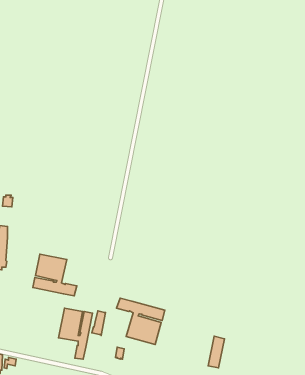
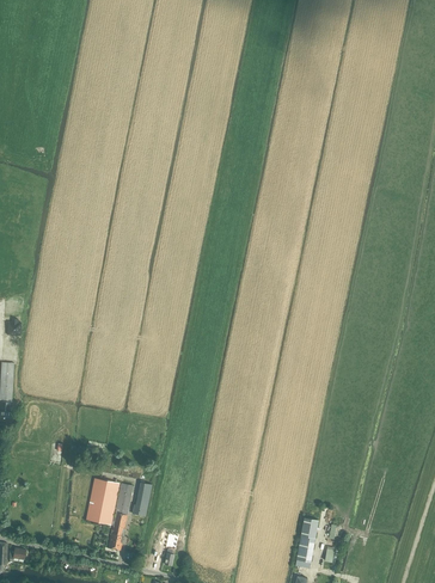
building: [33,254,77,296] -> none
building: [117,298,165,344] -> none

